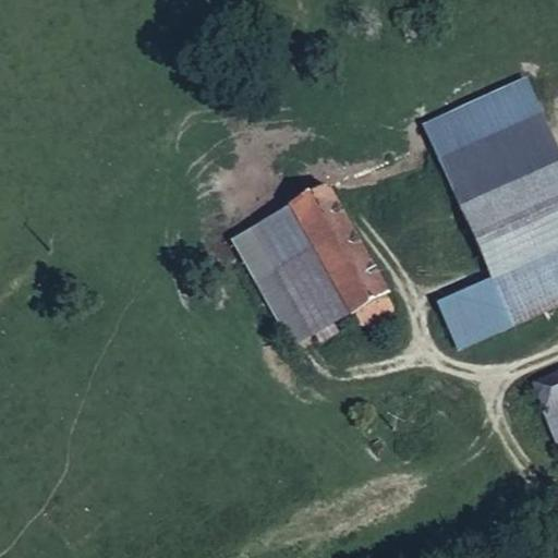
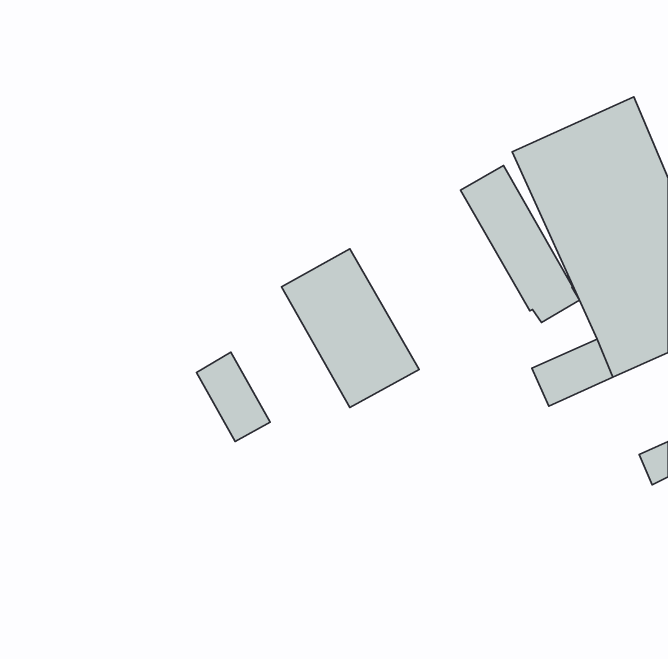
building: [291,186,390,317] -> [460,165,580,323]
building: none -> [197,352,270,442]

